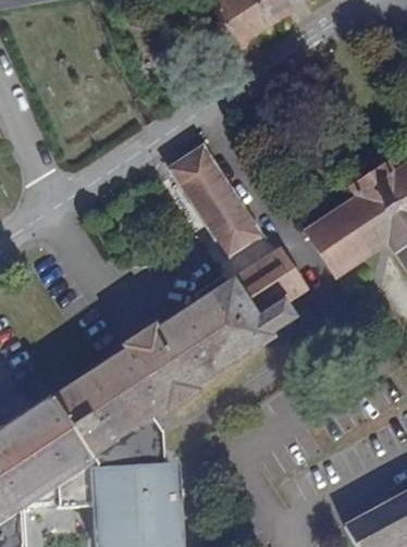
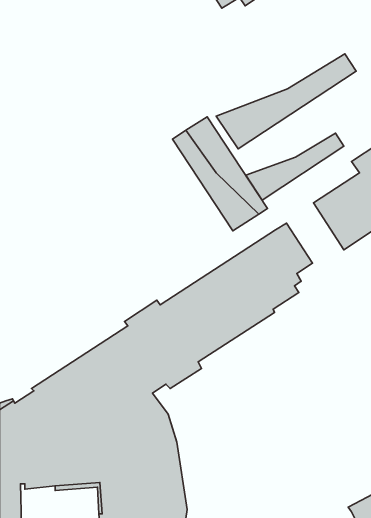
building: none -> [216,54,356,149]
building: none -> [246,133,344,200]

